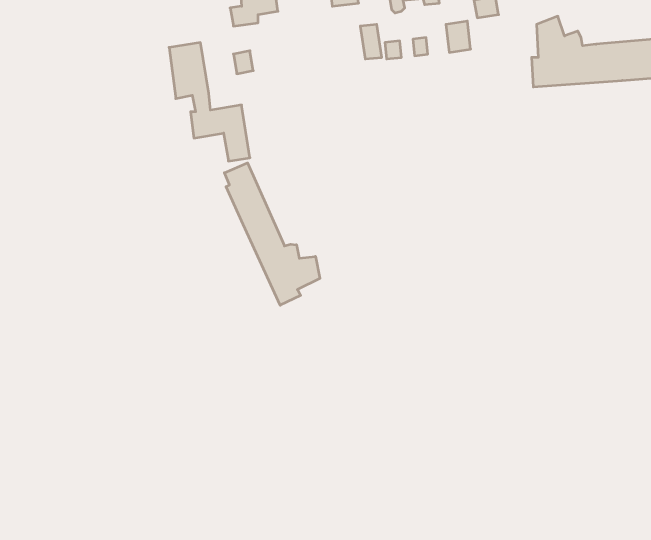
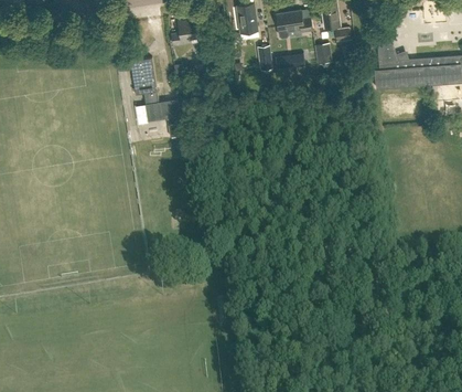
building: [224,163,320,305] -> none

